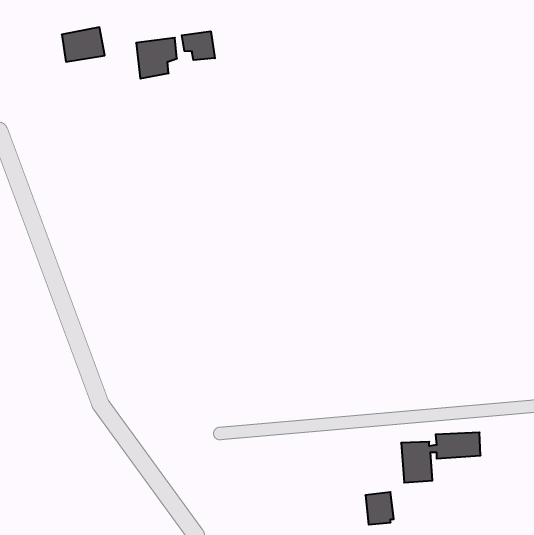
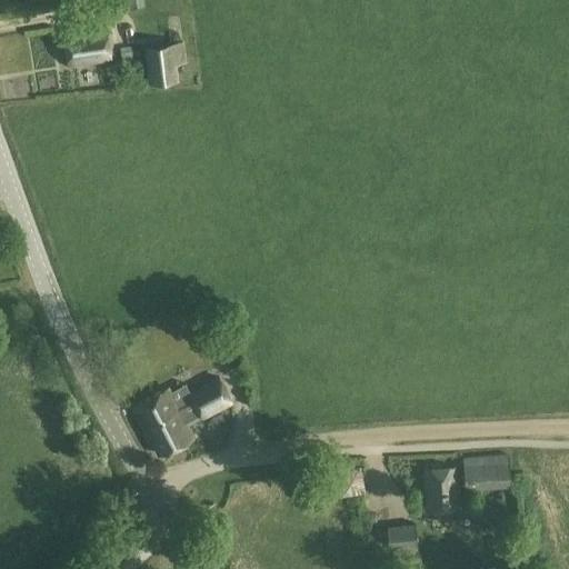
building: [182,31,215,60] -> none
building: none -> [134,378,231,455]

